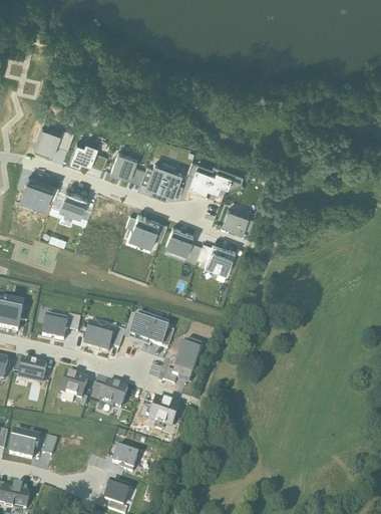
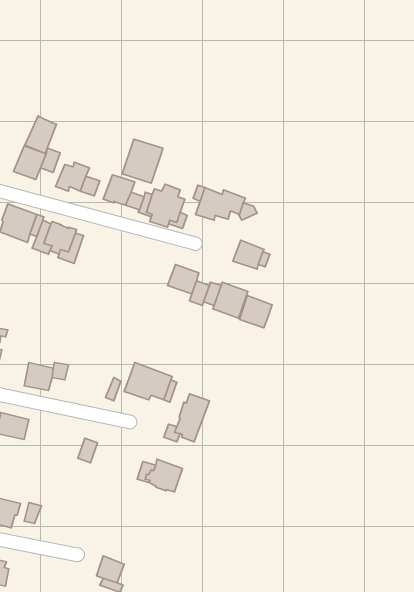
building: none -> [25,116,57,153]
building: none -> [122,139,163,183]
building: [127,216,159,249] -> none
building: none -> [240,296,272,328]
building: [84,323,114,349] -> none
building: [60,370,87,396] -> none
building: [99,378,127,406] -> none
building: [112,444,141,470] -> none

